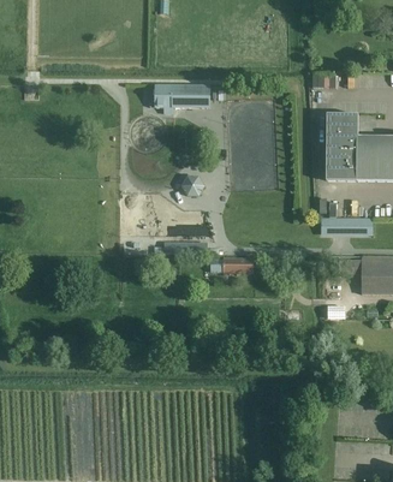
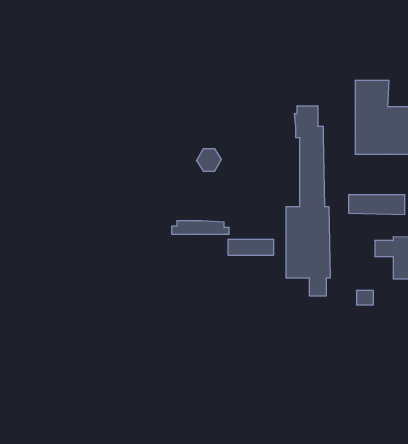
building: [154,83,210,113] -> none
building: none -> [286,106,330,296]

